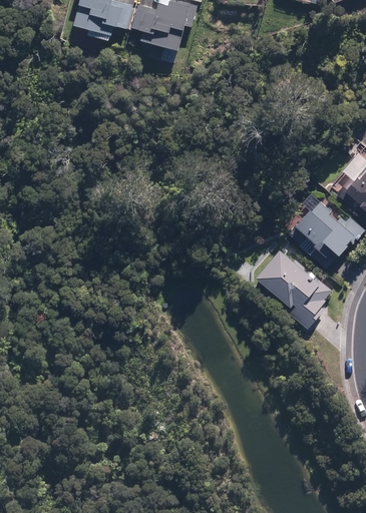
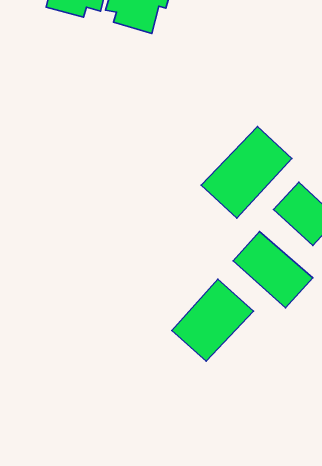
building: none -> [201,127,292,218]
building: none -> [172,279,253,361]

